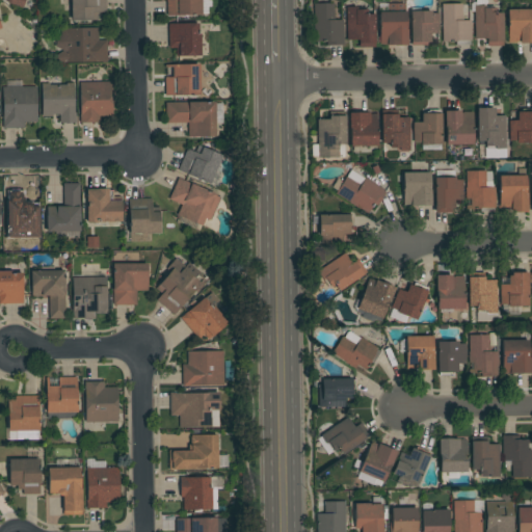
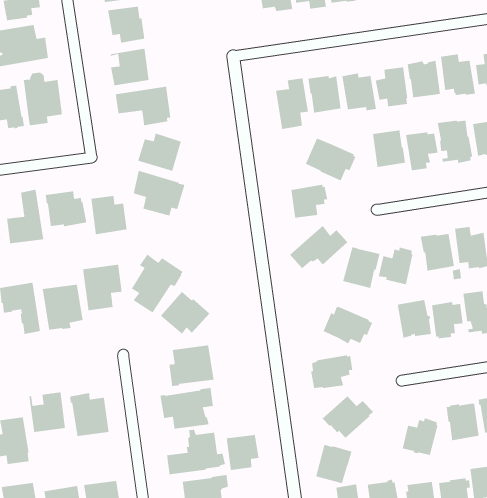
building: none -> [226,434,259,471]
building: [361,442,399,482] -> [315,444,352,484]

